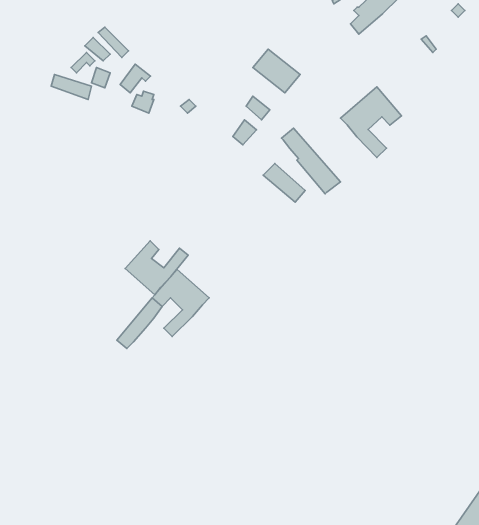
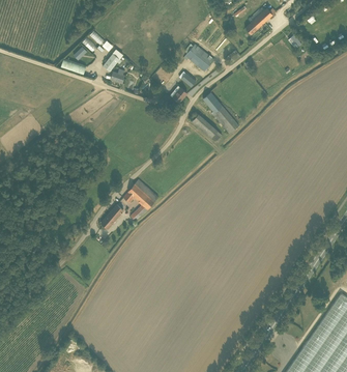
building: [340,87,401,157] -> none
building: [125,241,188,295] -> none

